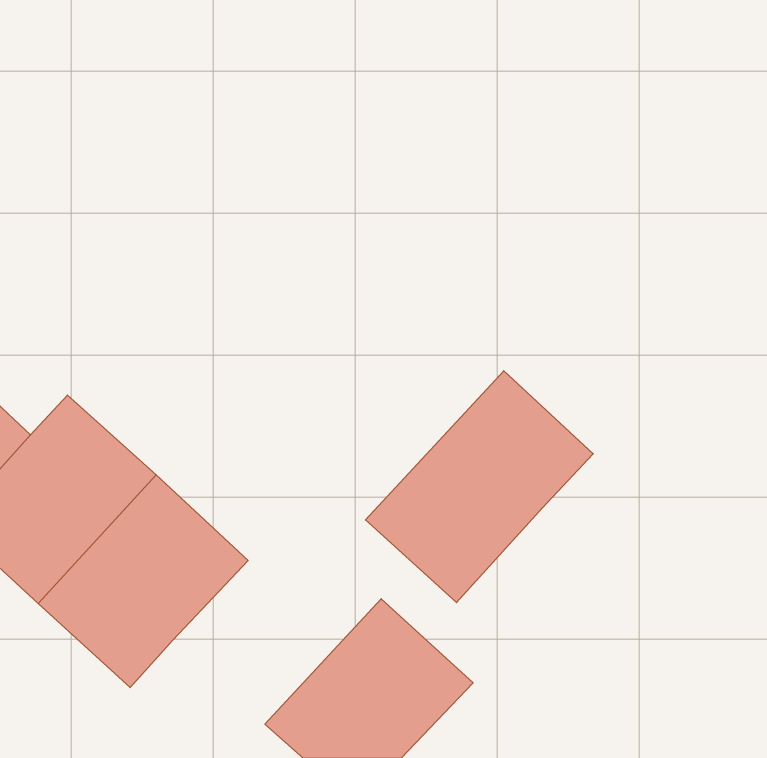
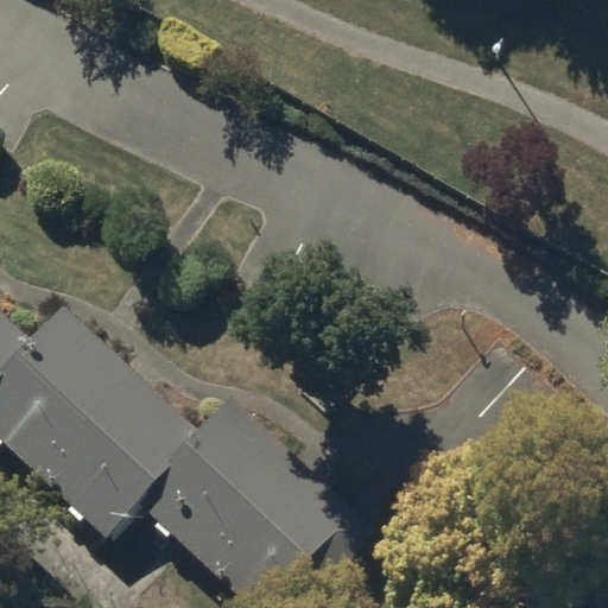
building: [365,371,593,603] -> none
building: none -> [134,399,296,562]

